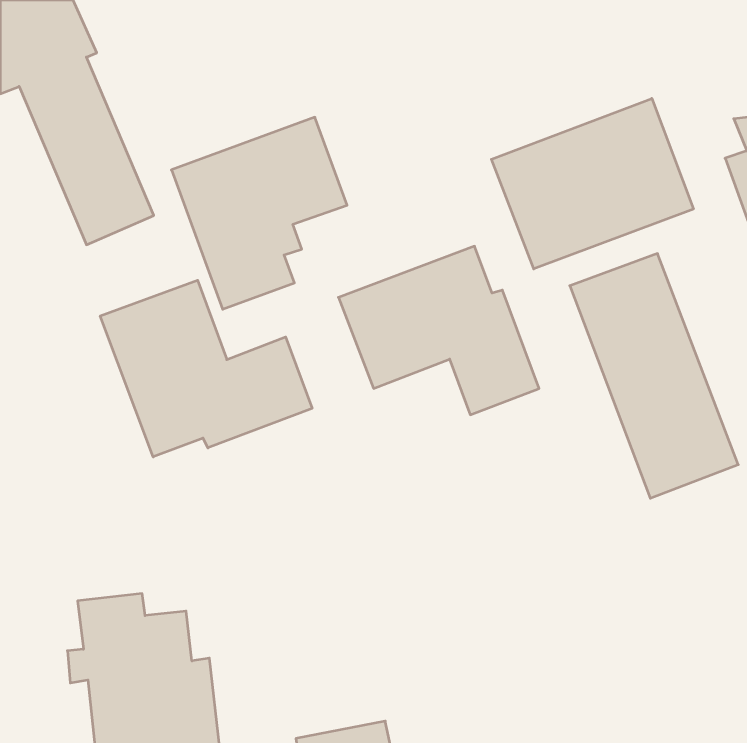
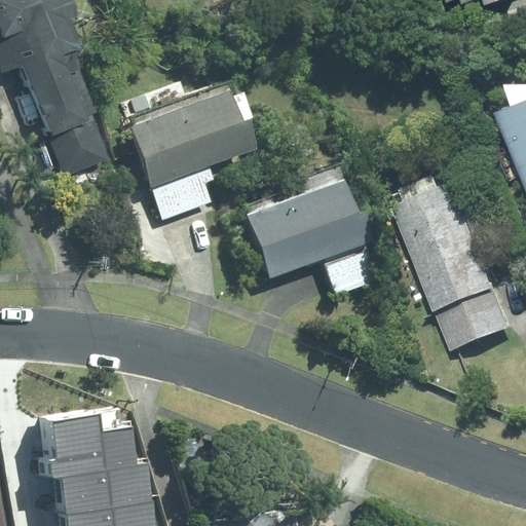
building: [491,98,693,269] -> none
building: [100,280,312,457] -> none

